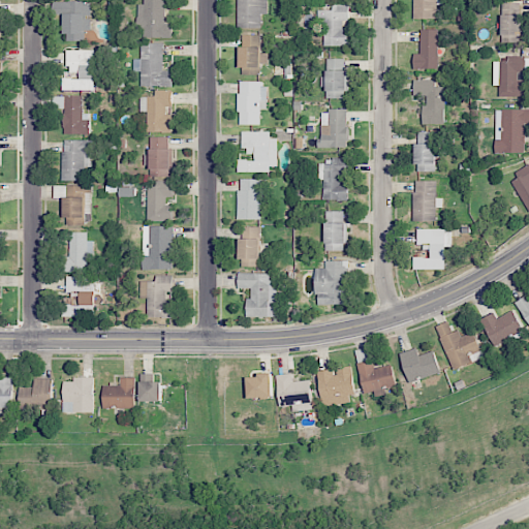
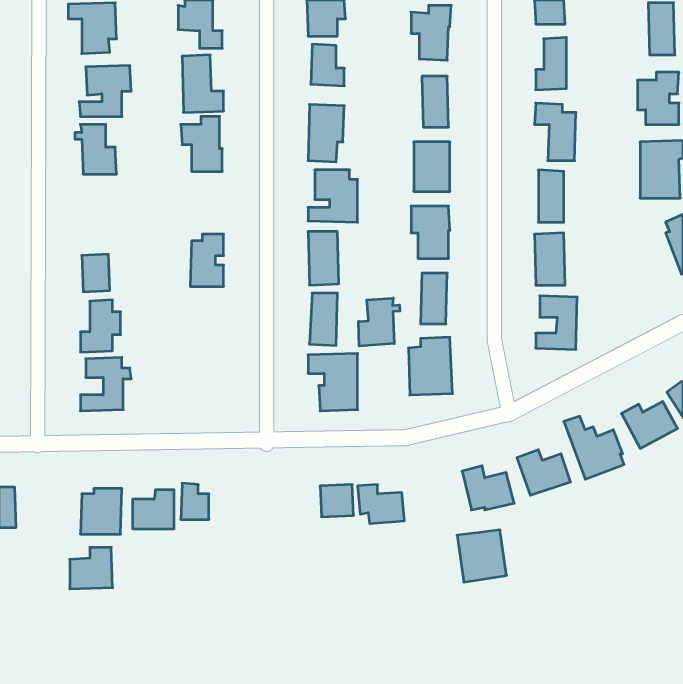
building: [150,136,172,177] -> none
building: [62,141,90,181] -> none
building: [143,225,173,269] -> none
building: none -> [359,298,400,346]
building: [139,275,173,318] -> none
building: [316,367,354,407] -> [457,530,507,582]
building: [19,378,52,410] -> [70,547,113,589]

